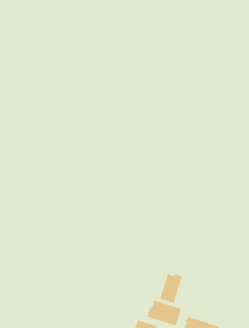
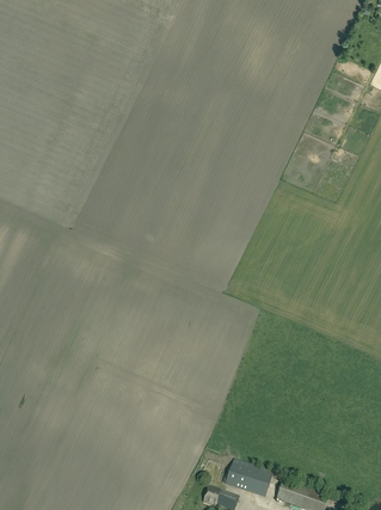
building: [159,273,183,304] -> none

